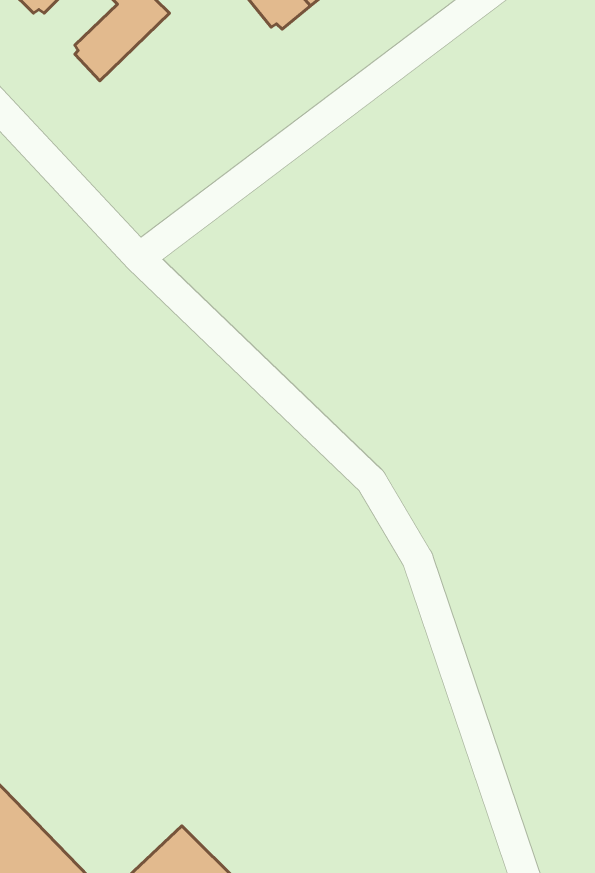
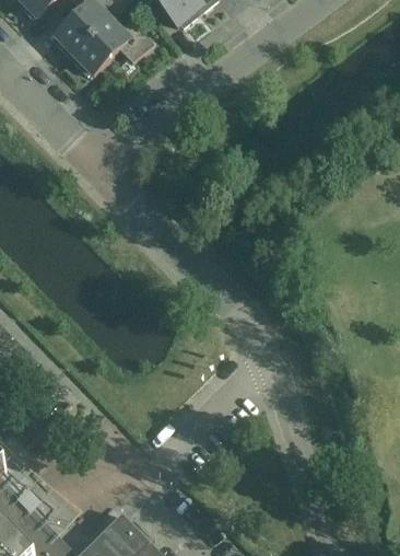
building: none -> [72,16,154,74]

